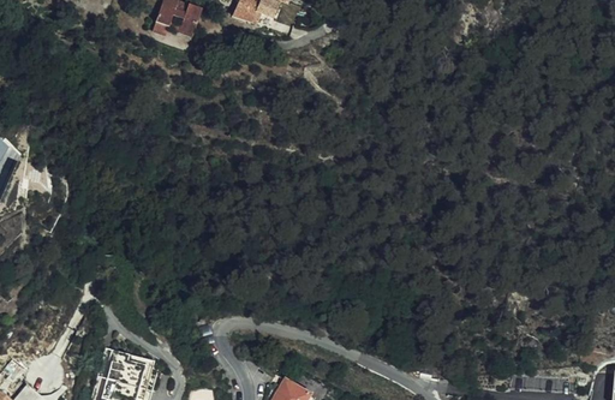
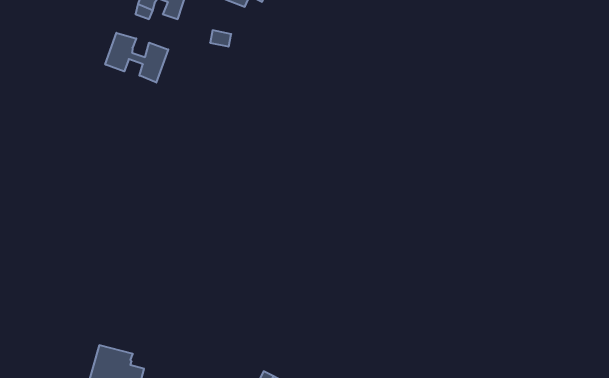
building: none -> [105,33,168,83]

